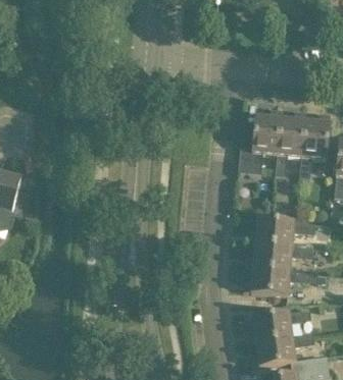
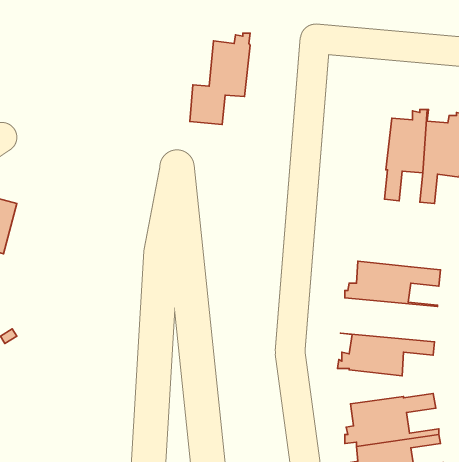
building: [240,110,282,173] -> [190,33,250,125]
building: [246,242,313,273] -> none

